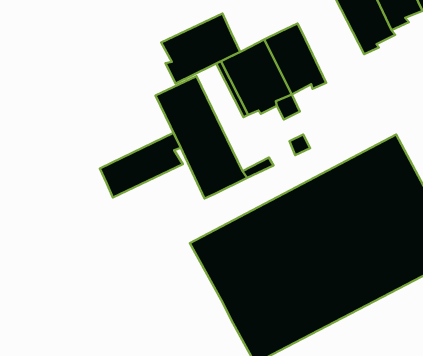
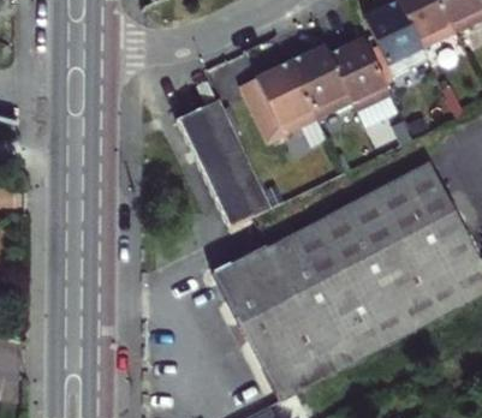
building: [161,13,240,83] -> none
building: none -> [329,36,392,109]
building: [100,133,183,198] -> none

